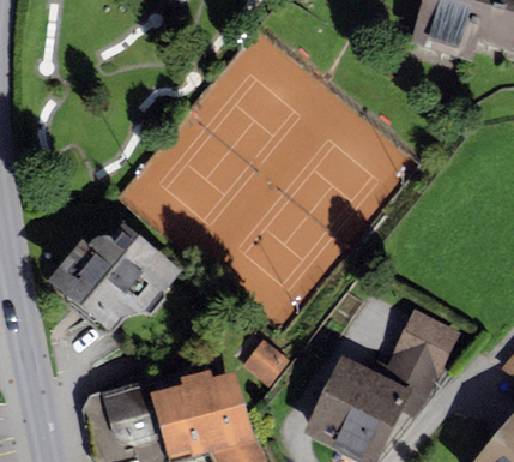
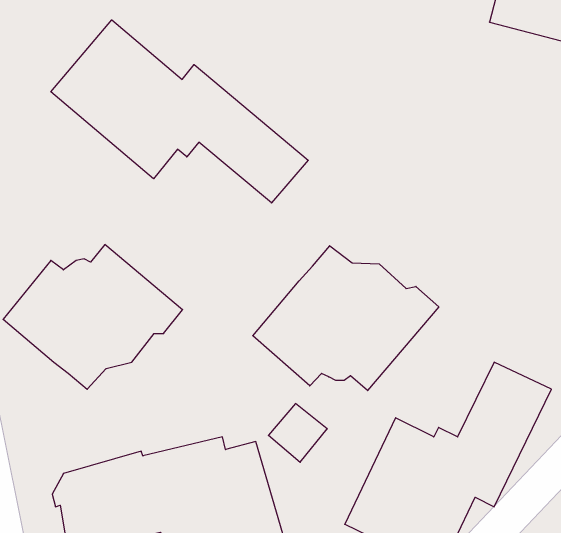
building: none -> [51,20,308,203]
building: none -> [253,246,439,391]

